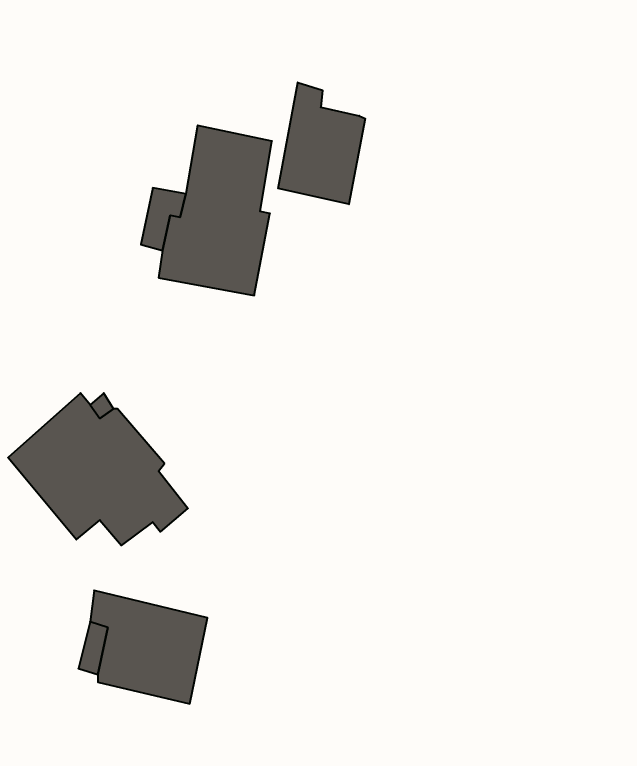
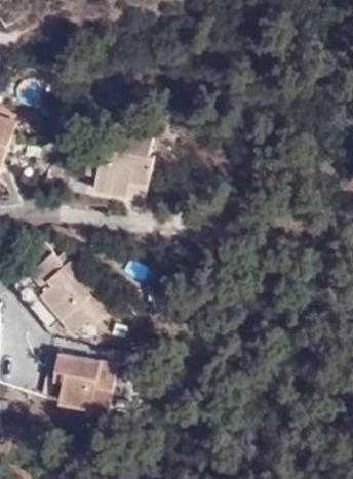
building: [278,82,365,204] -> none

